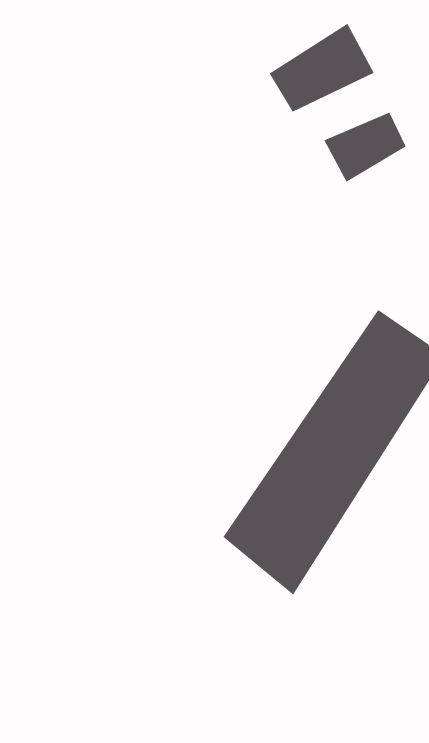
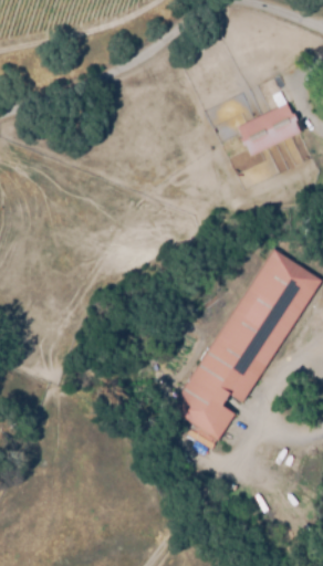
building: [269,23,375,112] -> none

